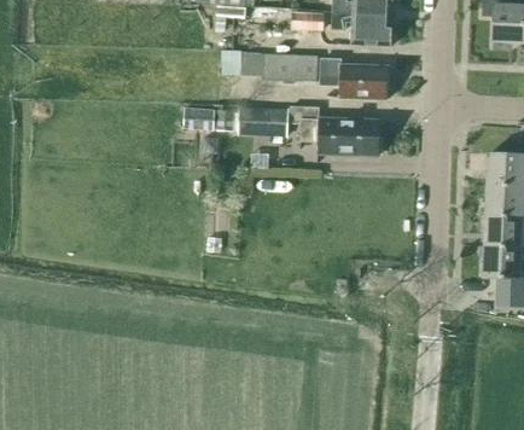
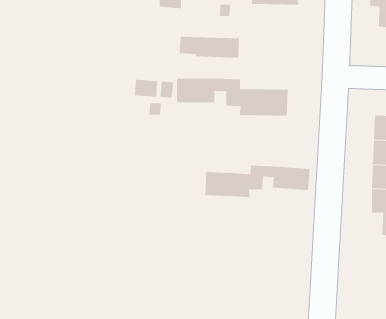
building: [331,12,392,46] -> none
building: [319,59,388,99] -> none
building: none -> [205,165,310,198]

